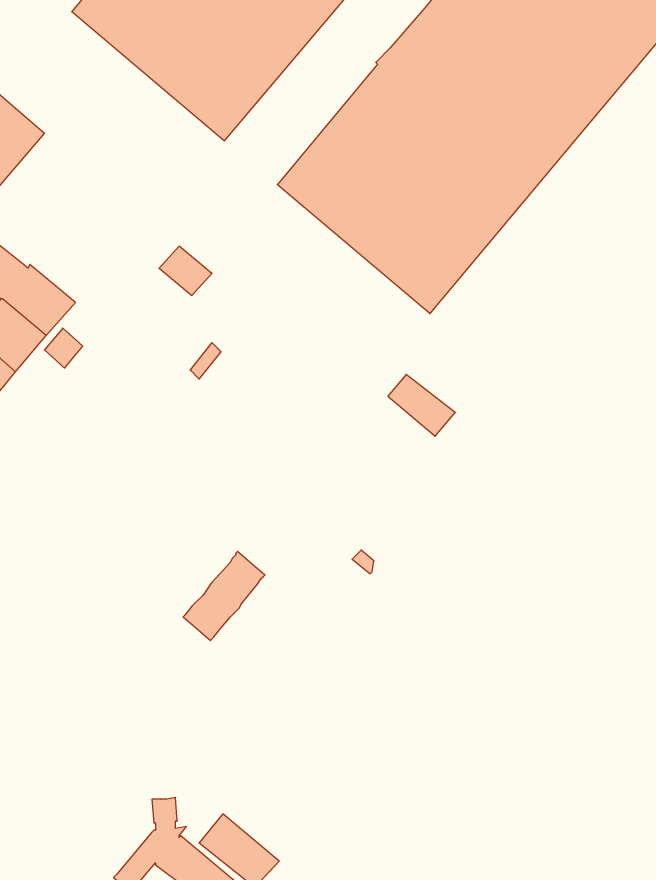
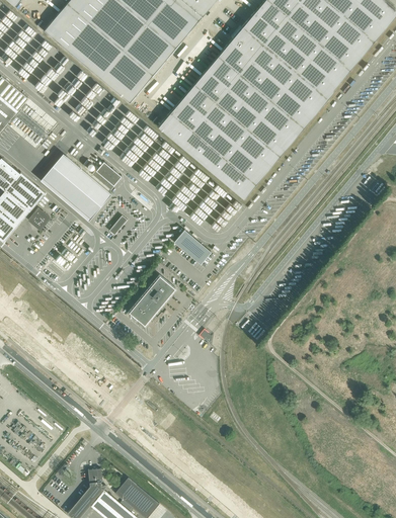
building: none -> [41,154,111,222]
building: [388,374,455,436] -> [174,229,212,263]
building: [183,551,265,641] -> [129,275,174,325]

